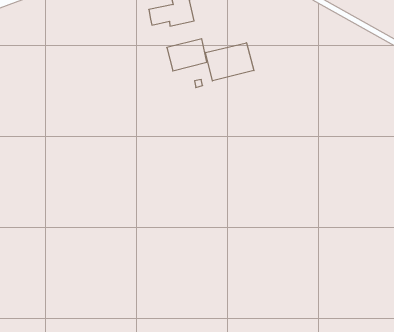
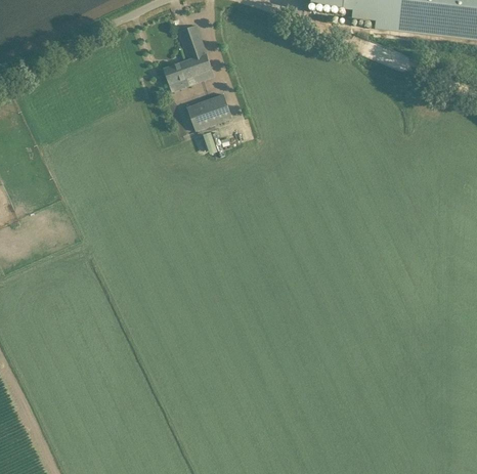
building: [206,43,254,81] -> none

